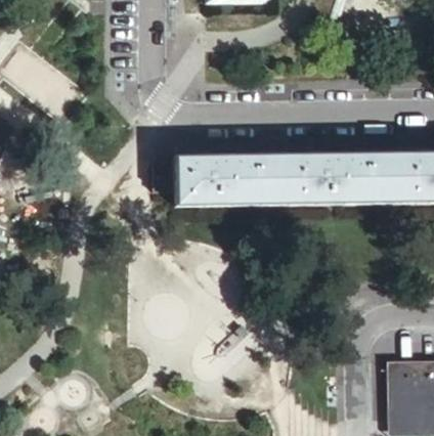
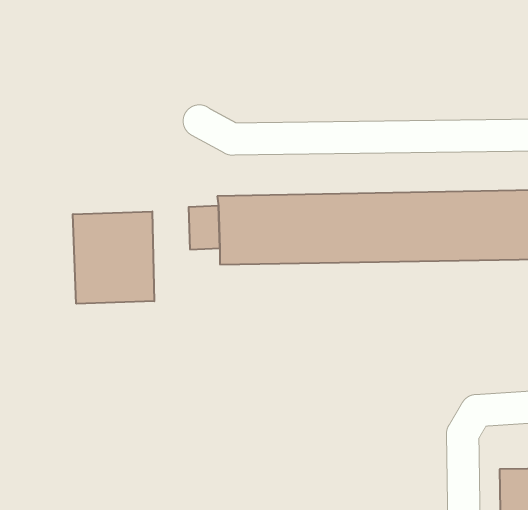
building: none -> [73,211,154,304]

